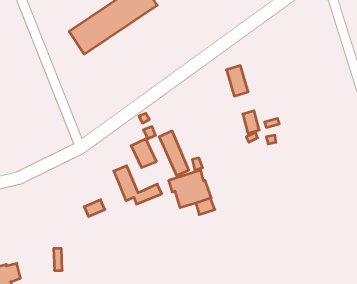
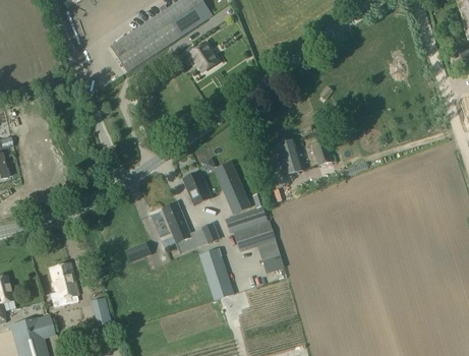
building: none -> [183,43,218,71]
building: [226,66,248,96] -> [278,139,303,175]
building: none -> [199,248,234,300]
building: none -> [50,262,78,299]

